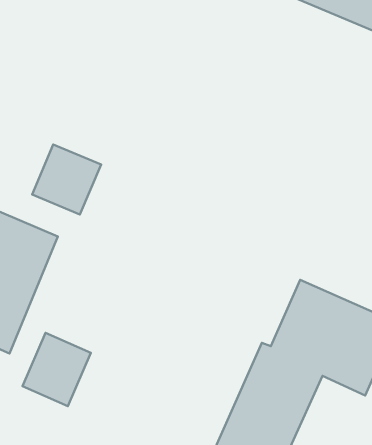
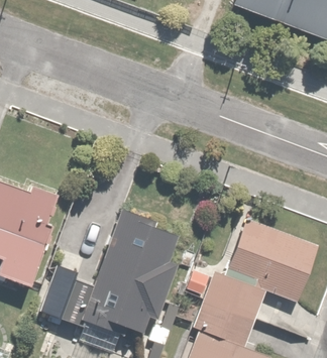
building: [32,145,101,214] -> none
building: none -> [83,213,180,341]

